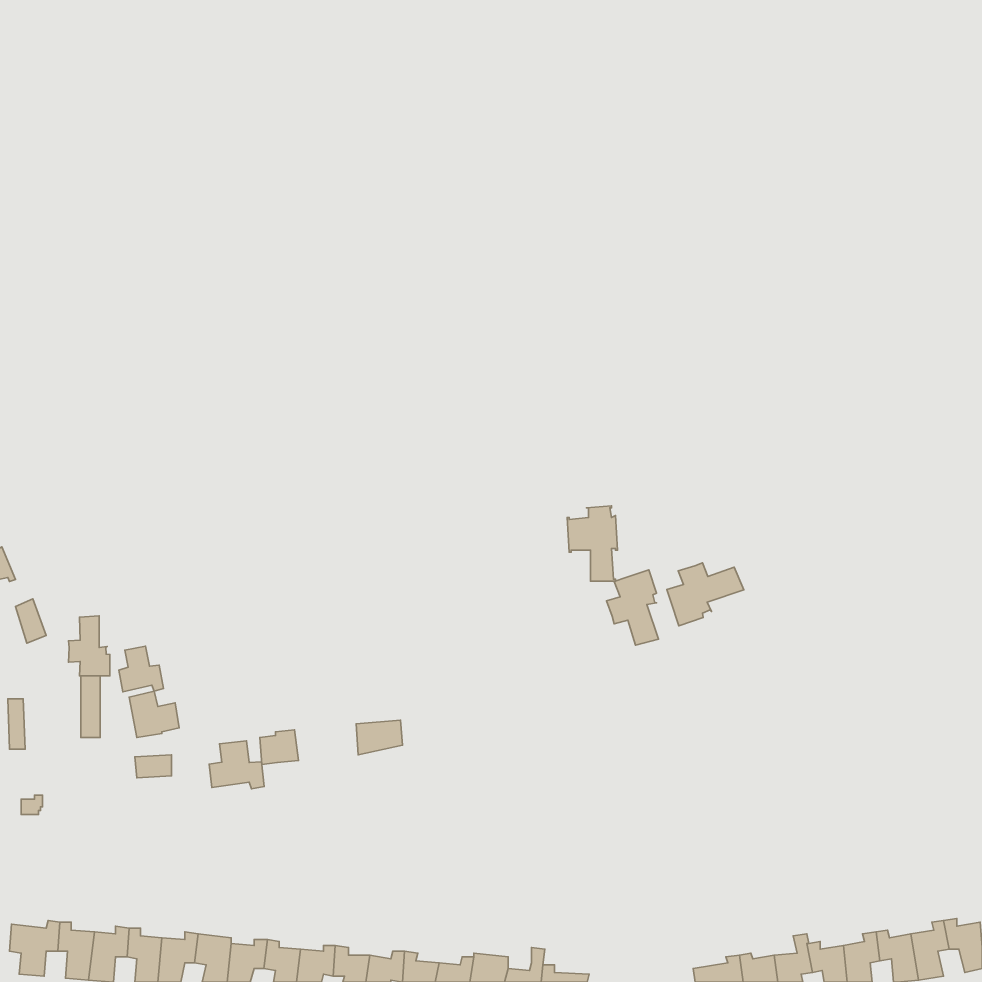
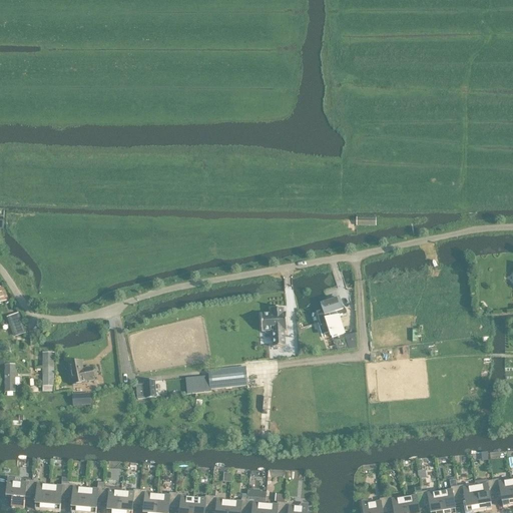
building: [567,506,617,581] -> [260,307,286,346]
building: [667,563,744,626] -> none
building: [69,616,110,676] -> none
building: [119,646,164,692] -> none
building: none -> [207,366,246,388]
building: [209,741,264,789] -> none

